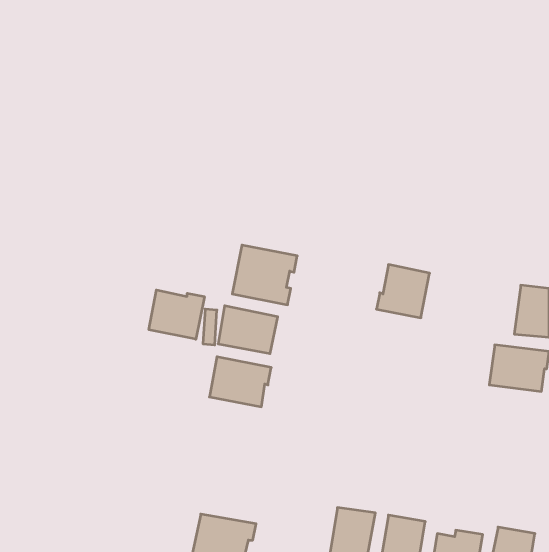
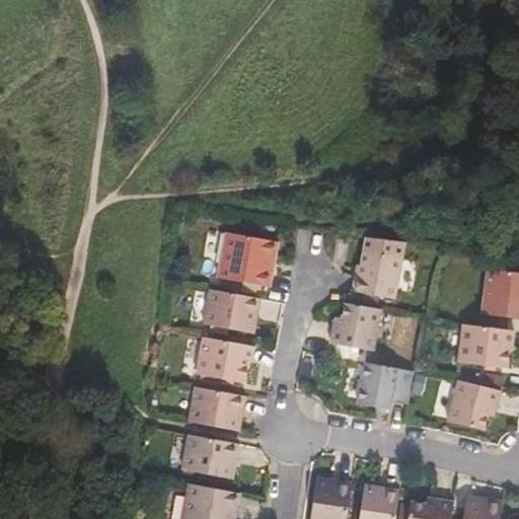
building: [149,290,204,339] -> none
building: none -> [329,302,380,351]
building: none -> [356,362,412,410]
building: none -> [446,380,499,430]
building: none -> [189,385,244,430]
building: none -> [181,433,237,477]

